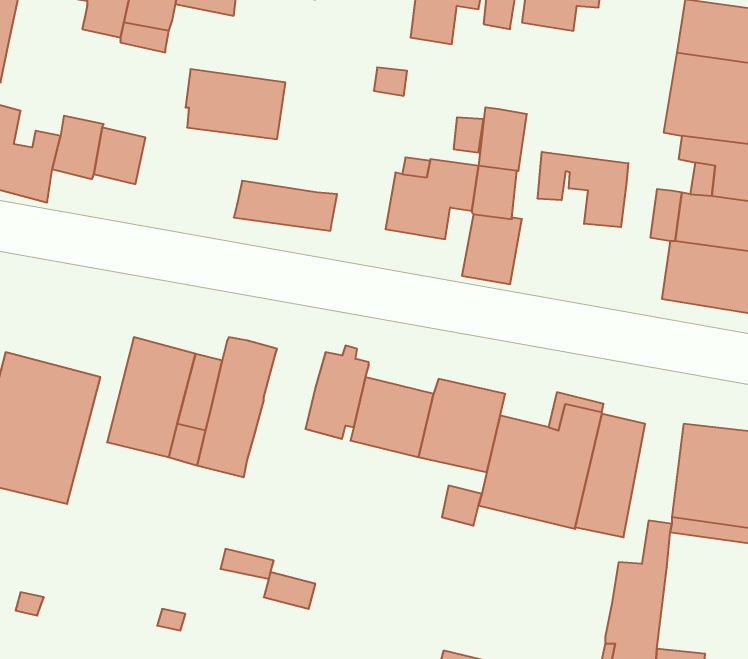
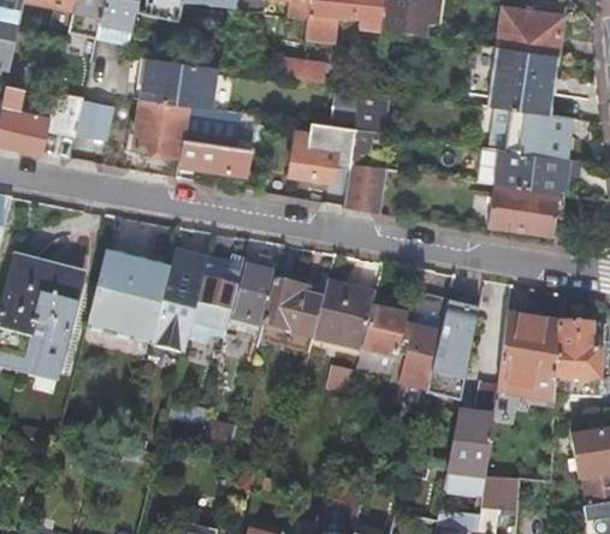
building: none -> [135,100,241,156]
building: [538,152,628,227] -> none
building: none -> [188,256,245,348]

